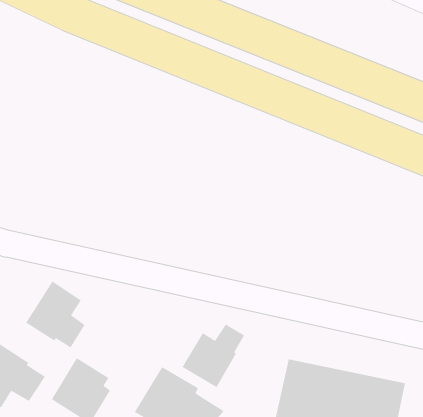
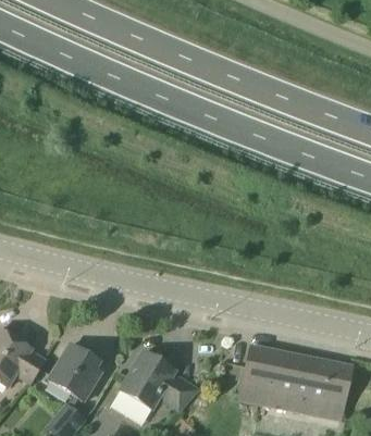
building: [25,281,86,349] -> none
building: [181,324,245,388] -> none

